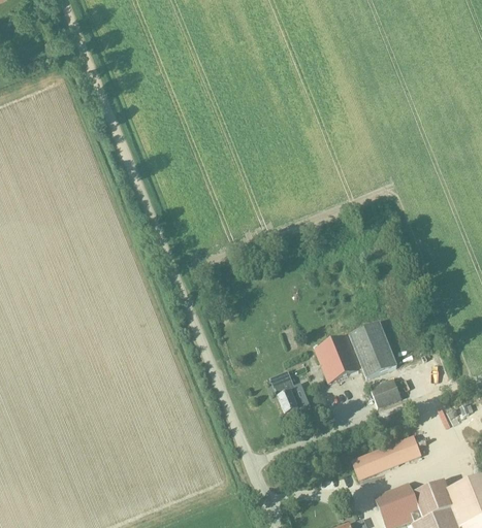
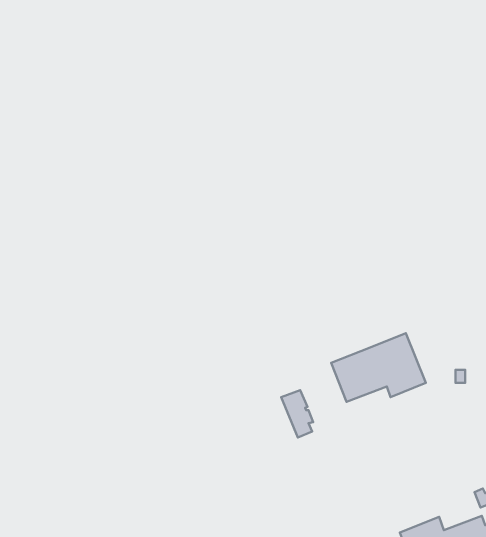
building: [371,378,401,407] -> none
building: [352,436,421,481] -> none

